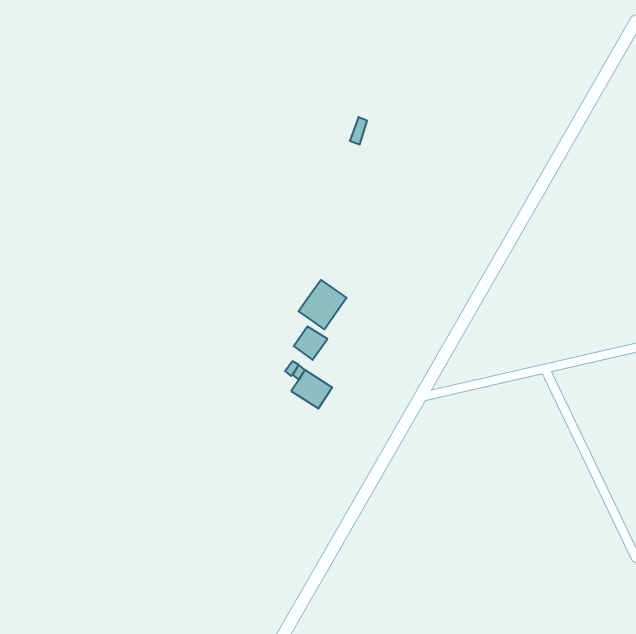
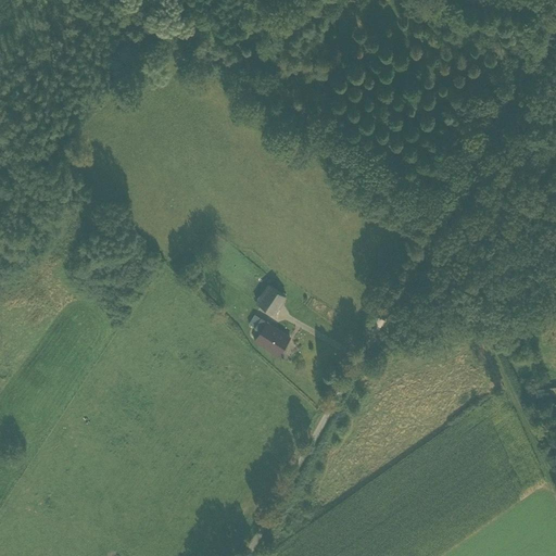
building: [298,280,347,329] -> none

